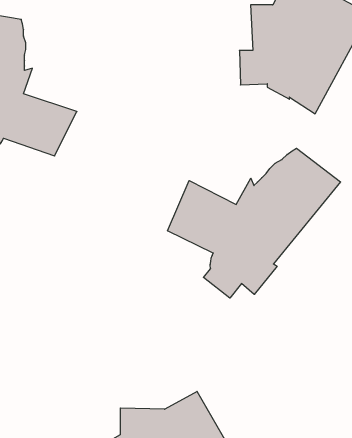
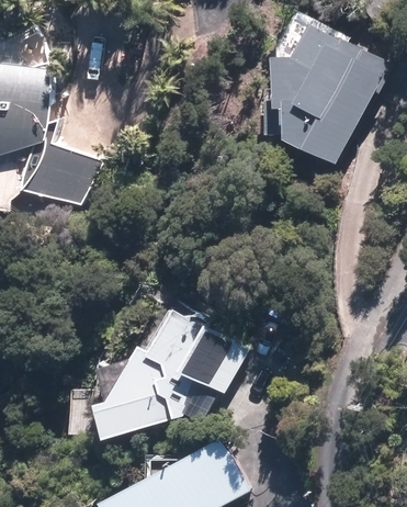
building: [168,148,341,298] -> none
building: none -> [98,305,245,437]

